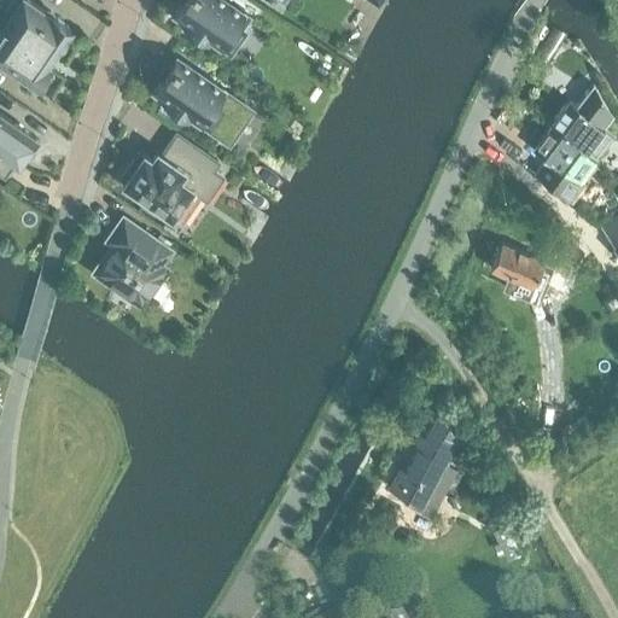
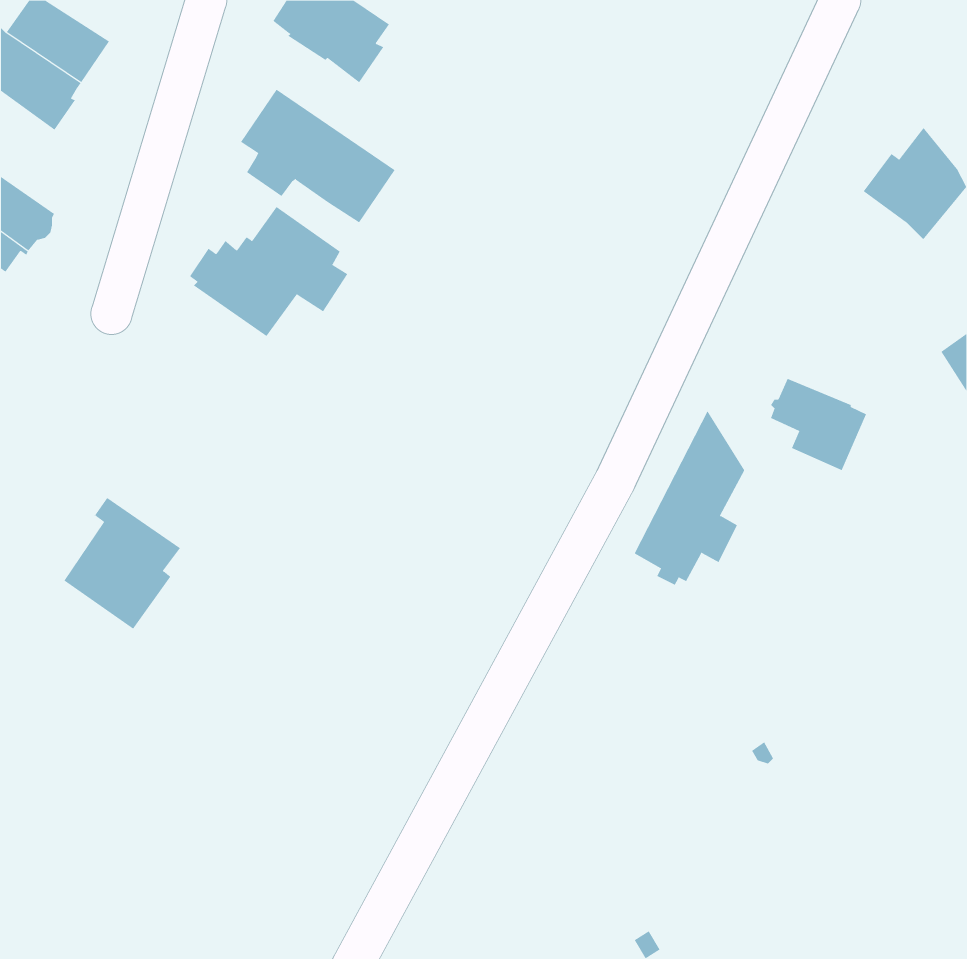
building: [532,127,587,206] -> none
building: [95,222,170,307] -> [63,497,181,630]
building: [389,401,460,513] -> [634,410,745,586]

